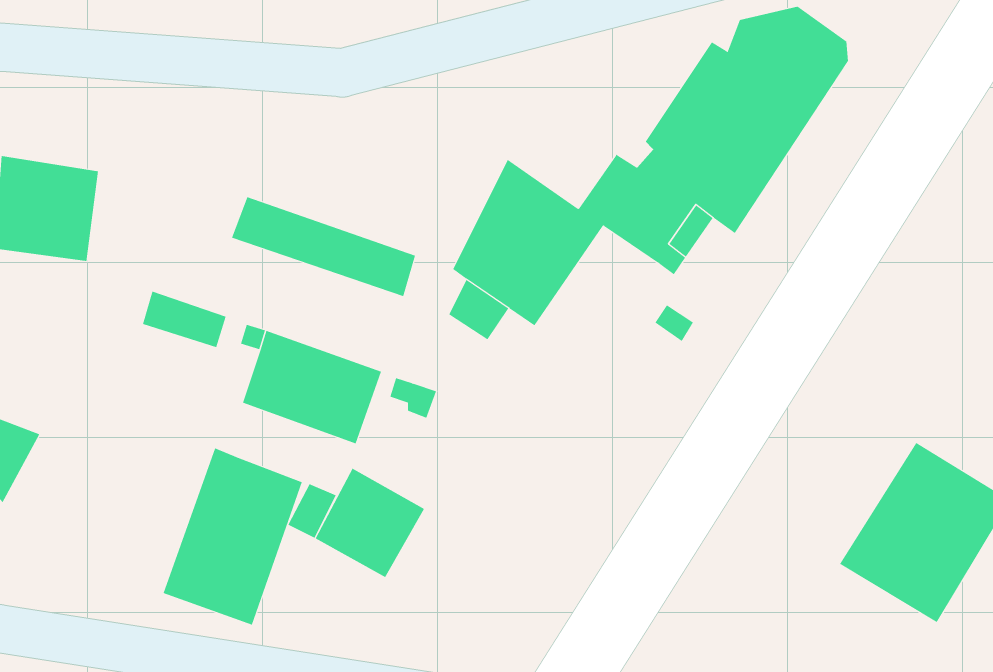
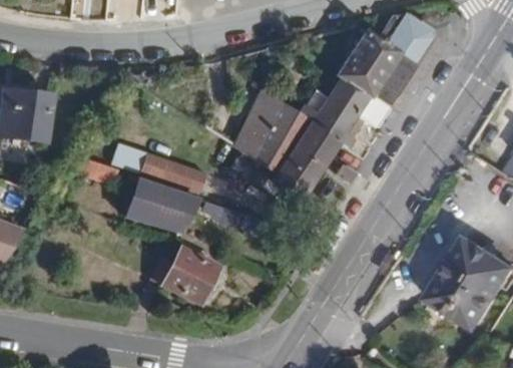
building: [231,197,416,297] -> [112,141,206,193]
building: none -> [271,124,339,202]
building: [163,448,302,626] -> none

